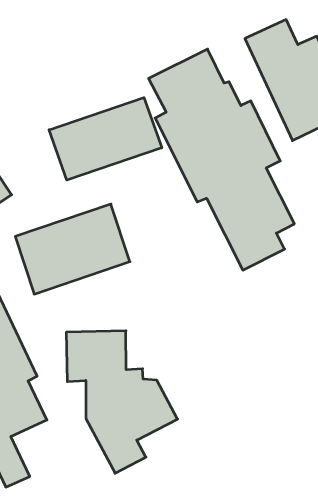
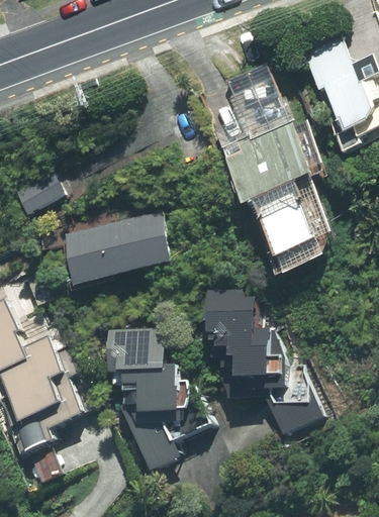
building: [49,98,162,180] -> none
building: none -> [202,292,320,438]

